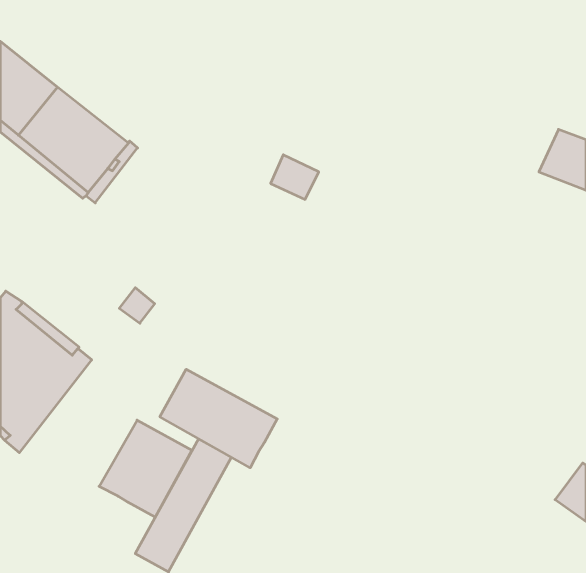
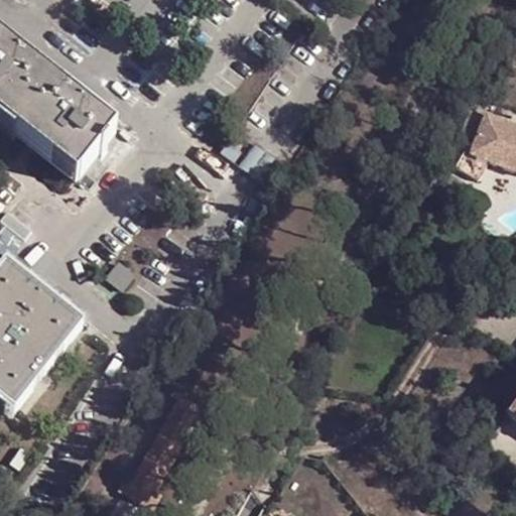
building: [160,369,277,468] -> none
building: [99,420,192,517] -> none

